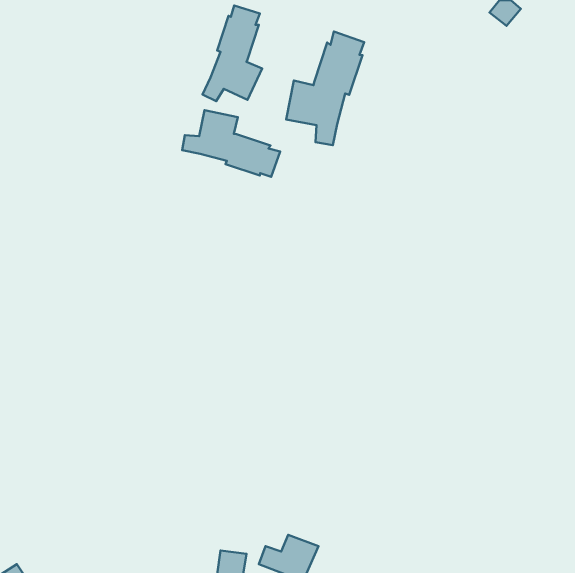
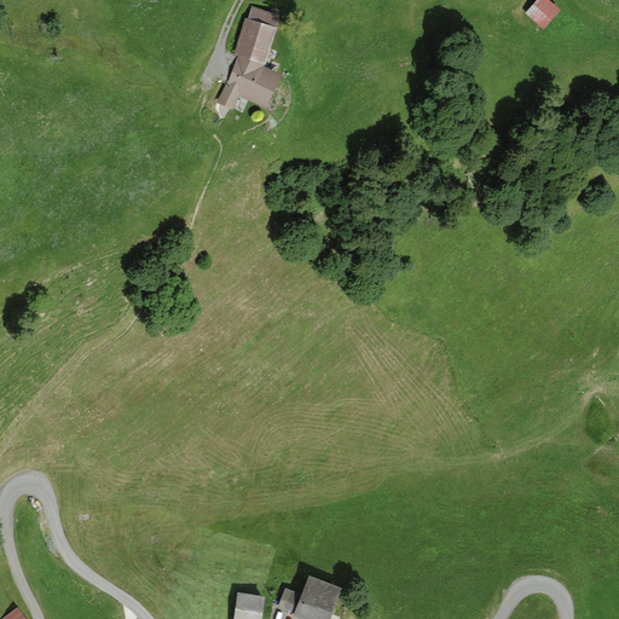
building: [286,32,364,145] -> none
building: [182,110,280,177] -> none

